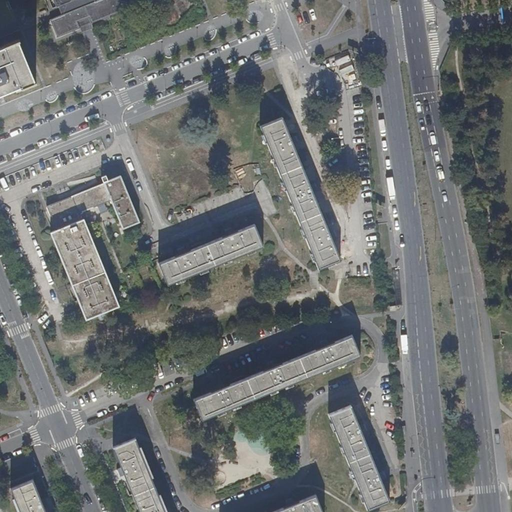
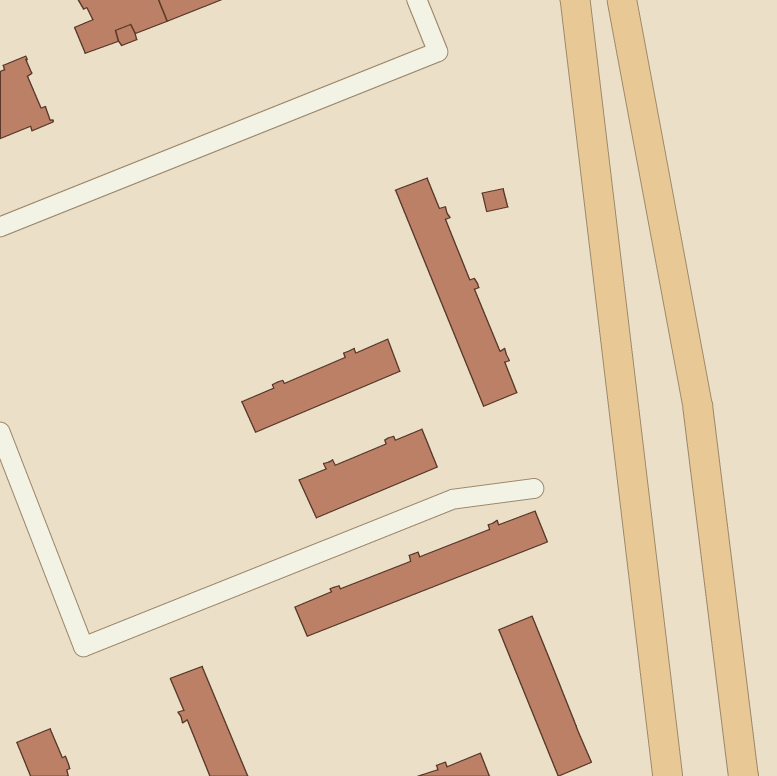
building: [47,175,139,319] -> none
building: none -> [299,429,437,518]

